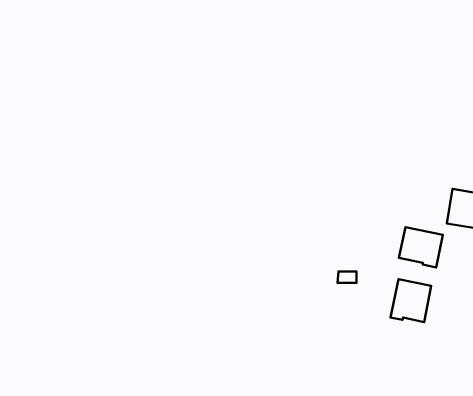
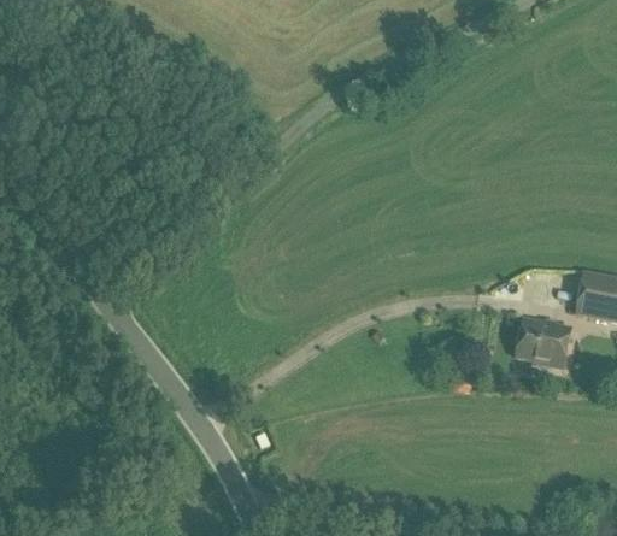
building: [391,279,431,322] -> none

